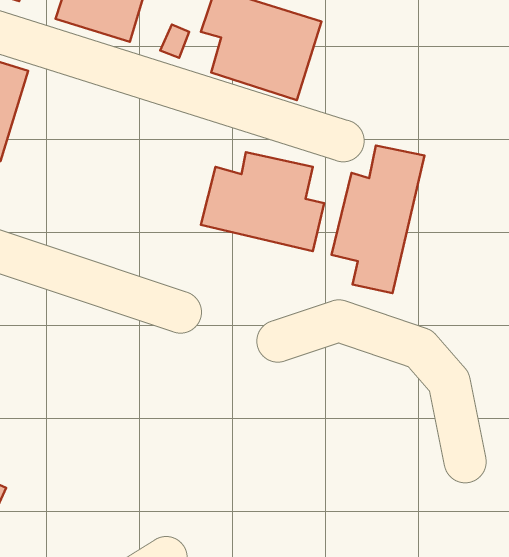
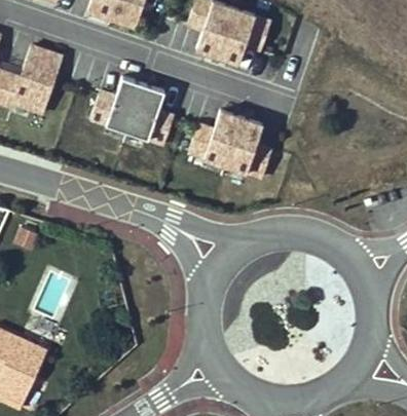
building: none -> [105,79,163,142]
building: [331,145,425,293] -> none

